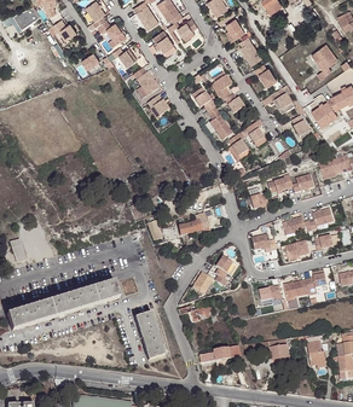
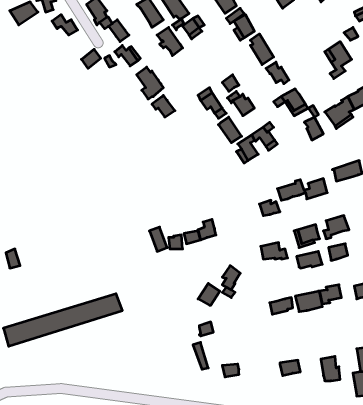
building: [135,312,164,360] -> none

